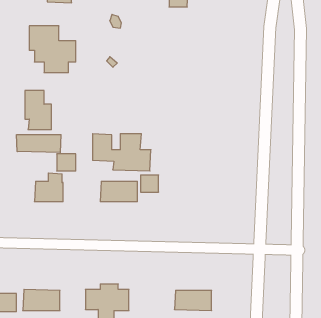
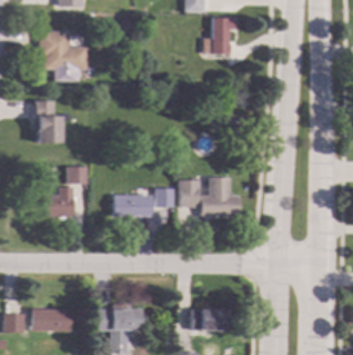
building: none -> [204,18,236,55]
building: [93,134,151,171] -> [180,178,241,217]
building: [17,135,61,153] -> none

